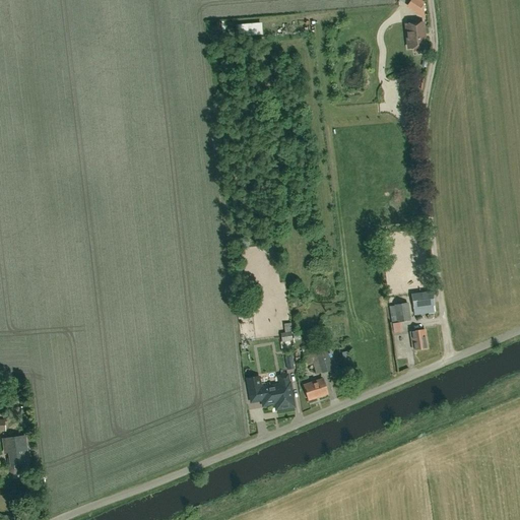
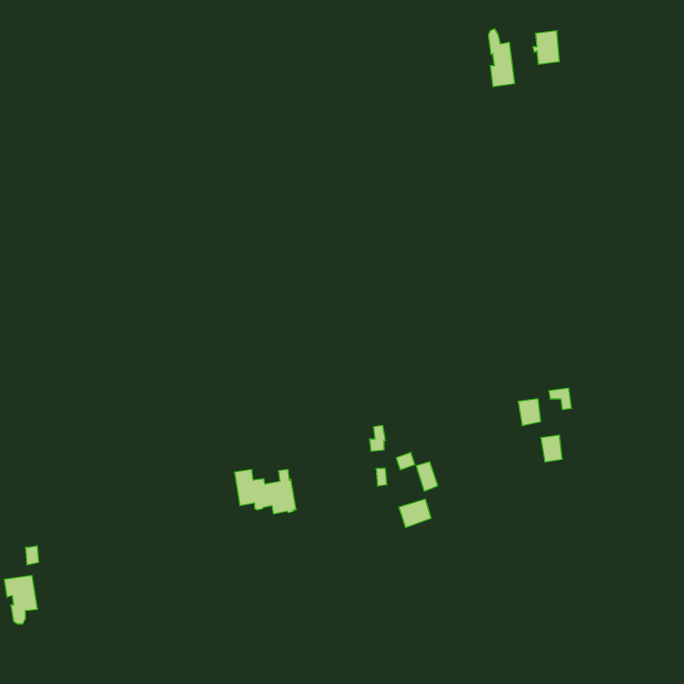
building: none -> [489,29,514,87]
building: [247,376,294,409] -> [234,470,296,514]

